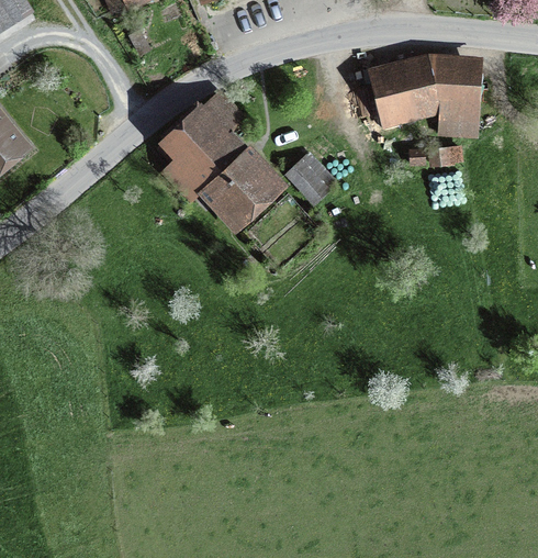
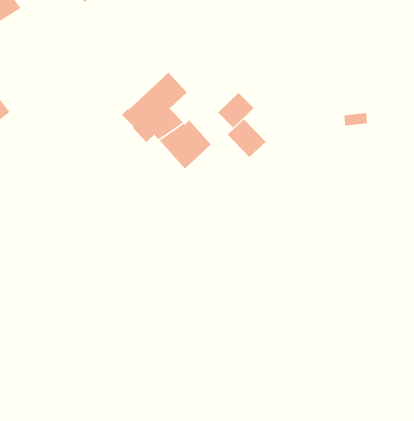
building: [378,66,477,133] -> none
building: none -> [218,92,254,129]

